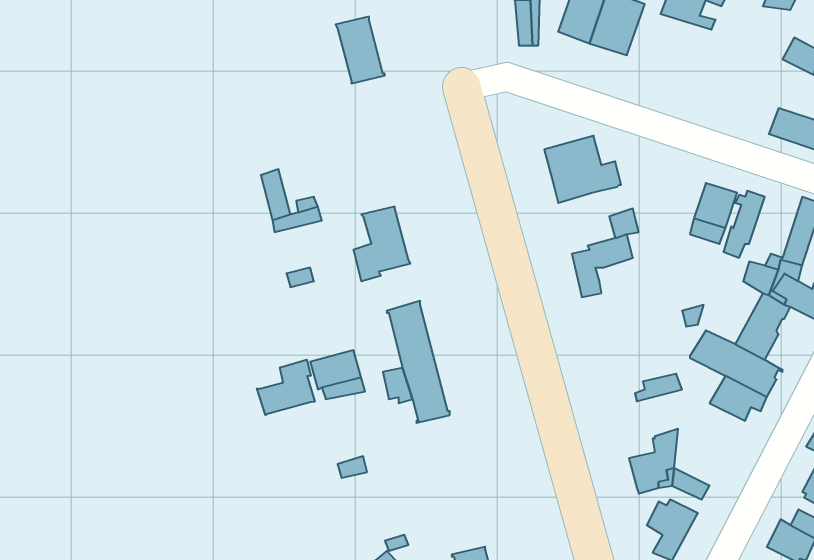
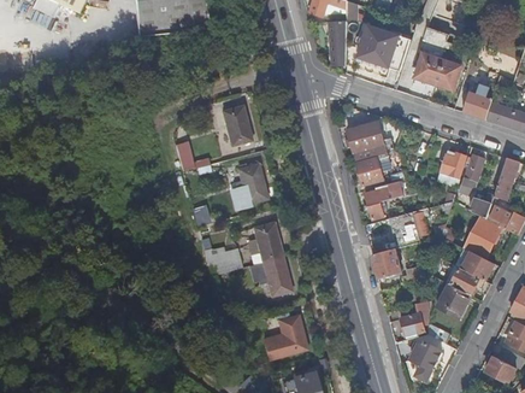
building: [336,17,385,83] -> [222,104,252,145]
building: none -> [417,53,461,89]
building: none -> [462,83,492,119]
building: none -> [356,154,384,184]
building: none -> [390,207,430,246]
building: none -> [372,247,402,277]
building: [257,360,315,415] -> none
building: none -> [437,283,472,317]
building: none -> [264,313,307,358]

